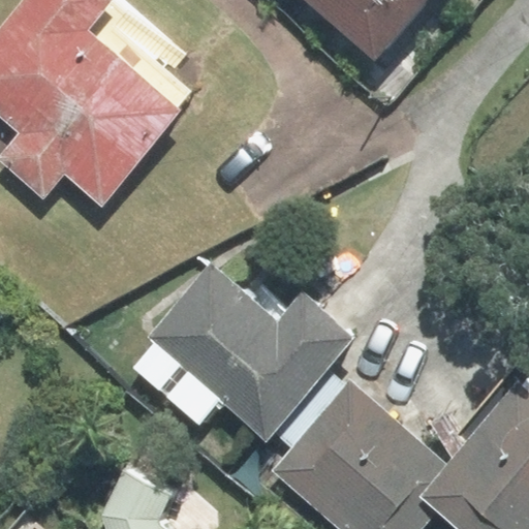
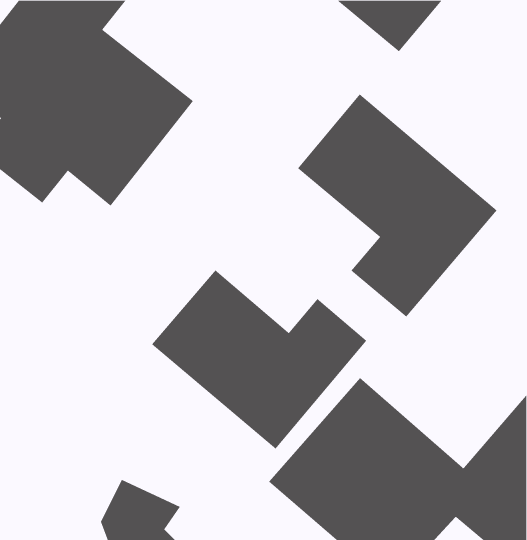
building: none -> [297,94,497,318]

